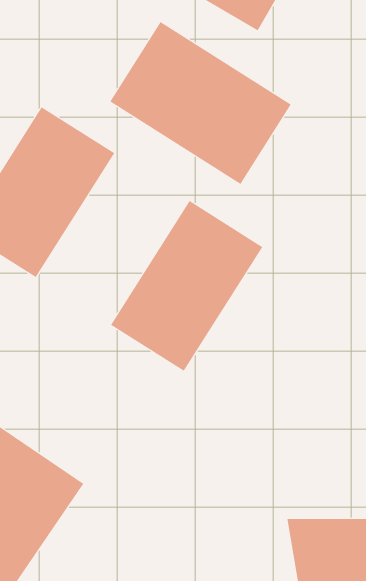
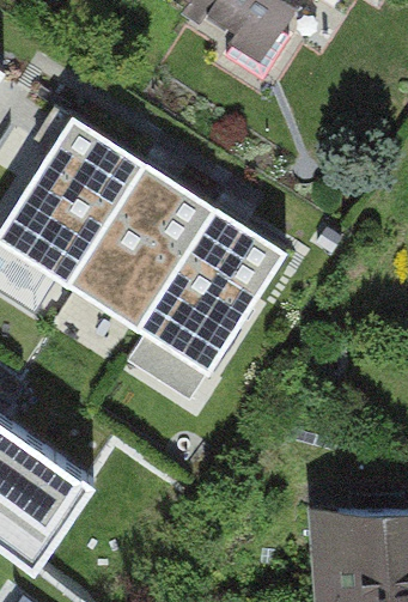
building: [109,21,291,185] -> none
building: none -> [61,159,209,326]

